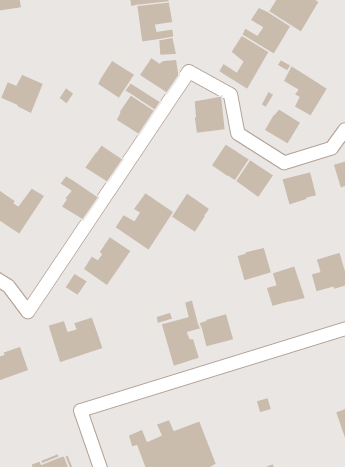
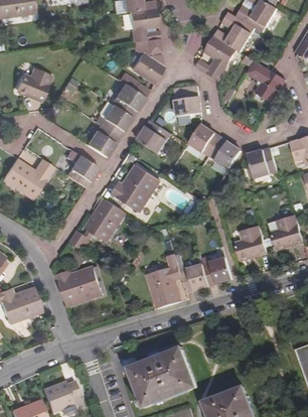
building: [97,60,135,99] -> [99,105,130,137]
building: [264,109,301,145] -> none
building: [171,193,210,233] -> [137,120,169,153]
building: [236,247,272,281] -> [202,258,232,286]

